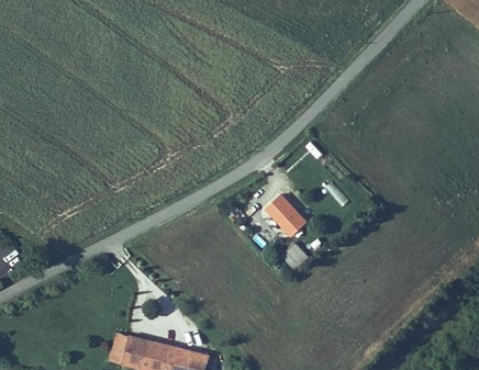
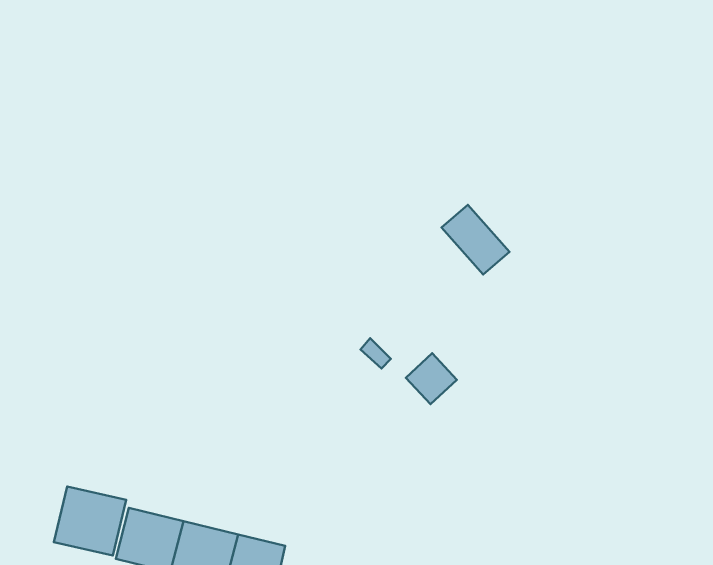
building: [265,194,304,235] -> [442,205,509,275]
building: none -> [54,487,126,556]

